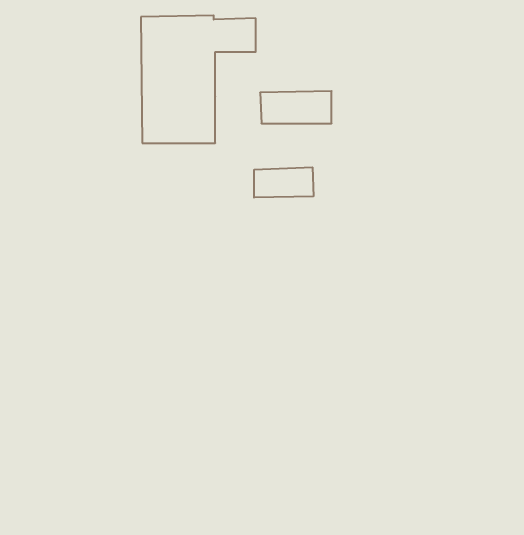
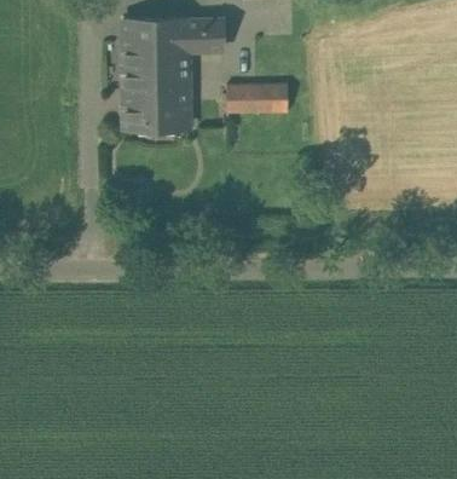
building: [254,167,313,198] -> none

